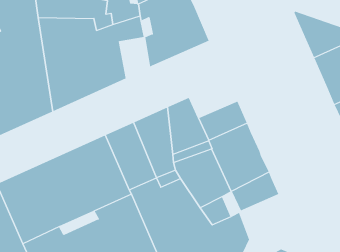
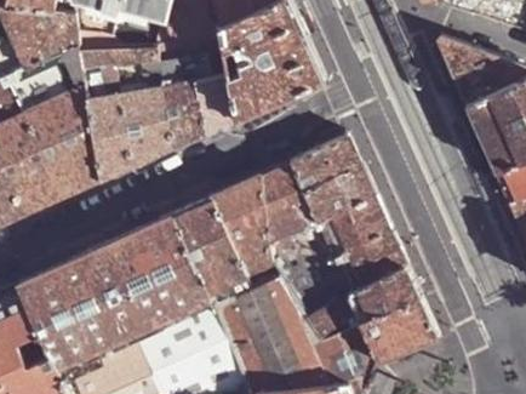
building: none -> [194,78,236,136]
building: none -> [292,137,361,192]
building: none -> [364,299,438,364]

